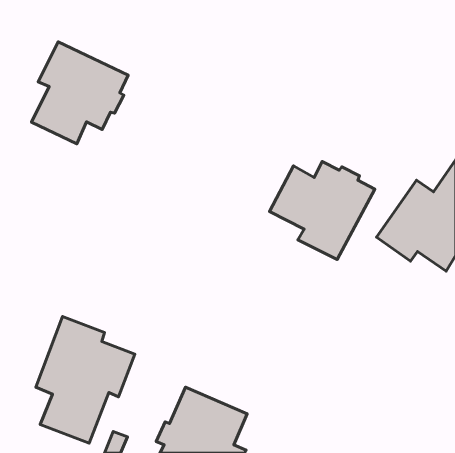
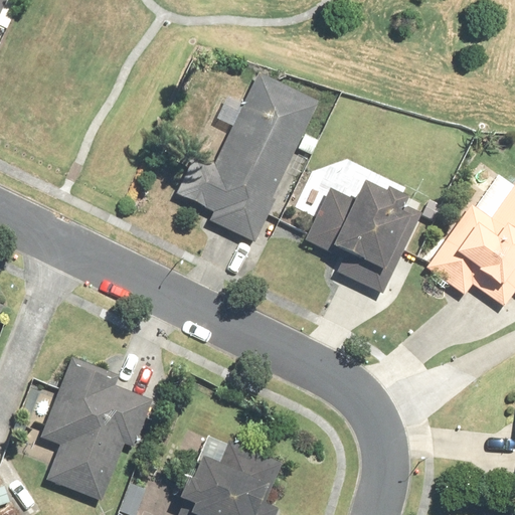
building: [32,42,128,144] -> none
building: none -> [175,71,318,240]

